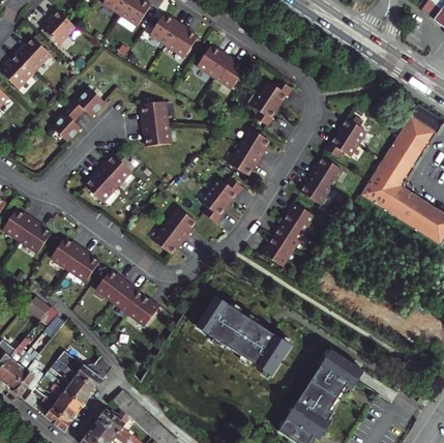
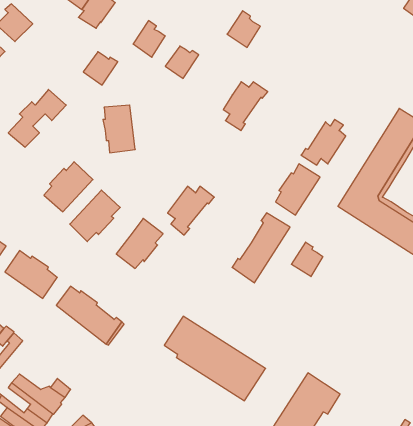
building: [151,13,183,45] -> [83,52,118,85]
building: [215,55,246,89] -> [227,11,260,47]
building: [229,127,270,175] -> none
building: none -> [70,190,120,242]
building: none -> [291,242,323,277]

